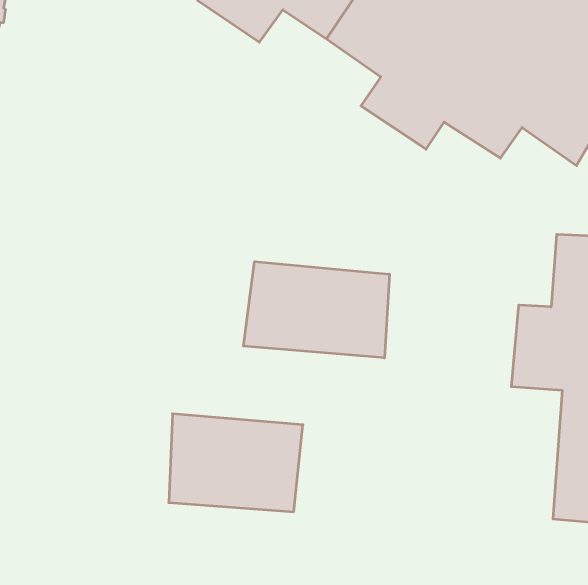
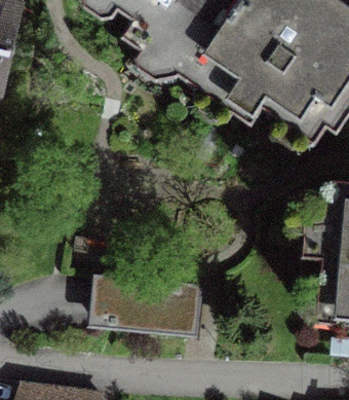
building: [243,262,389,358] -> none

